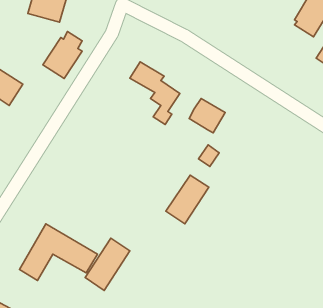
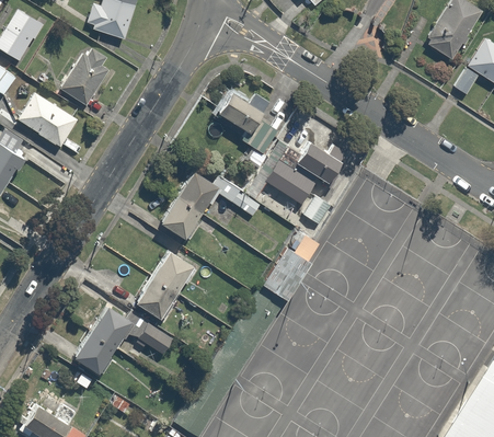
building: [43,31,82,79] -> [59,46,110,106]
building: none -> [263,145,317,205]
building: none -> [159,168,261,234]
building: [85,238,130,290] -> [135,245,192,312]

